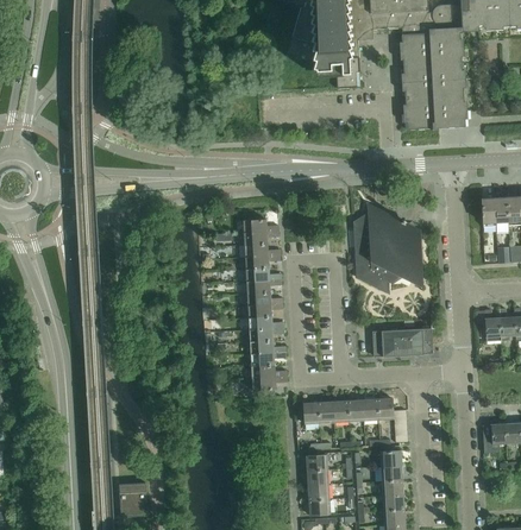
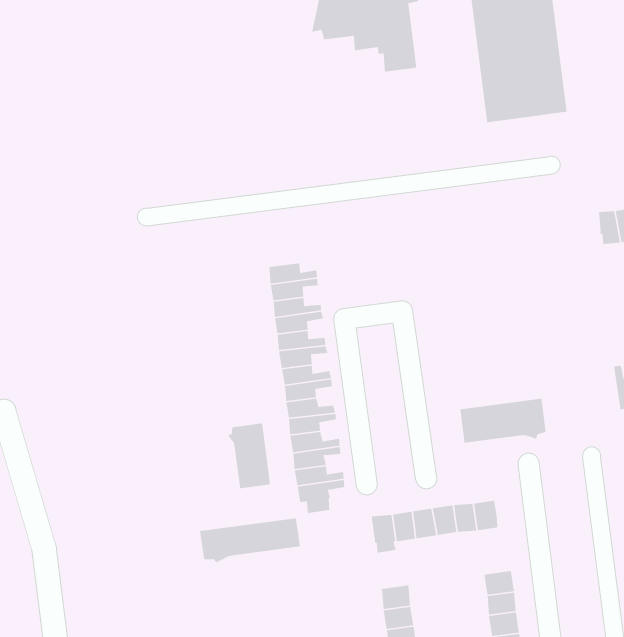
building: [353,209,420,292] -> none
building: none -> [227,422,271,489]
building: none -> [199,517,301,563]

